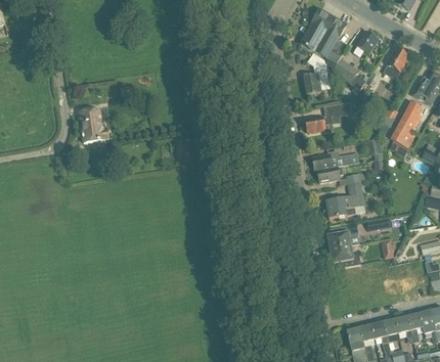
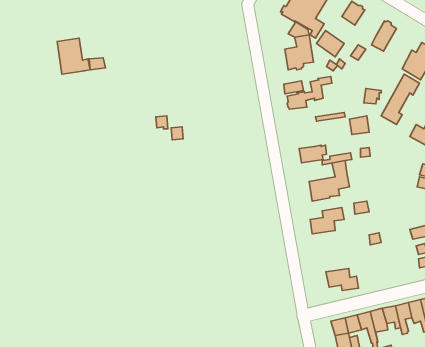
building: [79,107,109,141] -> [57,38,90,74]
building: [311,148,358,169] -> none
building: [329,245,360,266] -> [326,269,359,290]

